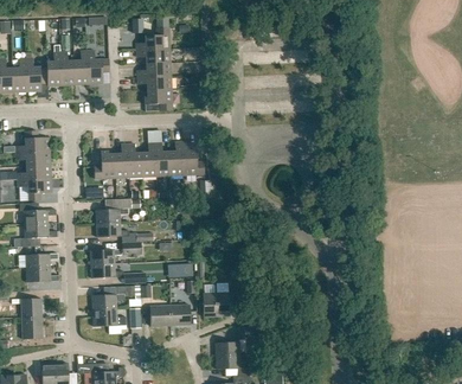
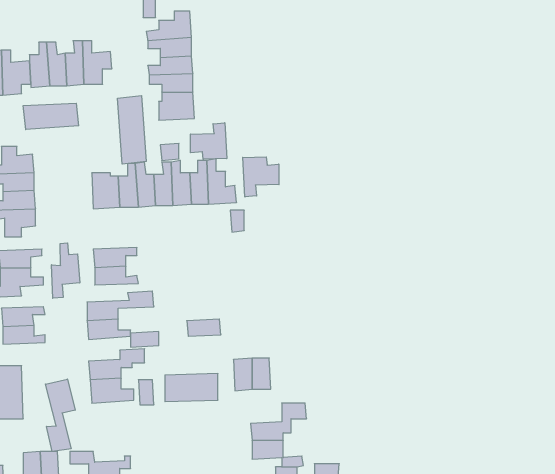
building: none -> [118,96,146,164]
building: none -> [23,103,79,130]
building: none -> [191,123,227,159]
building: none -> [243,157,279,197]
building: none -> [52,243,80,298]
building: none -> [45,379,75,451]

